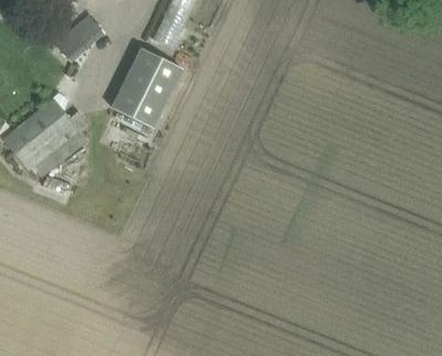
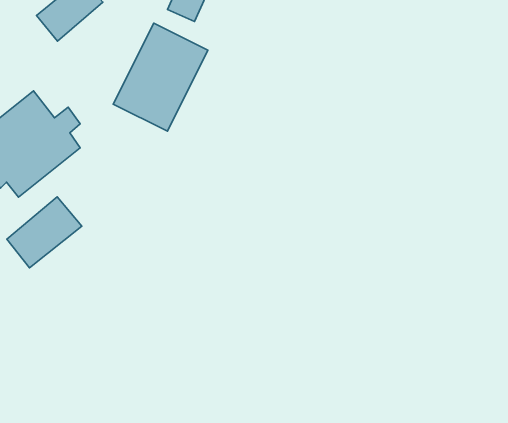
building: none -> [7,197,82,268]

